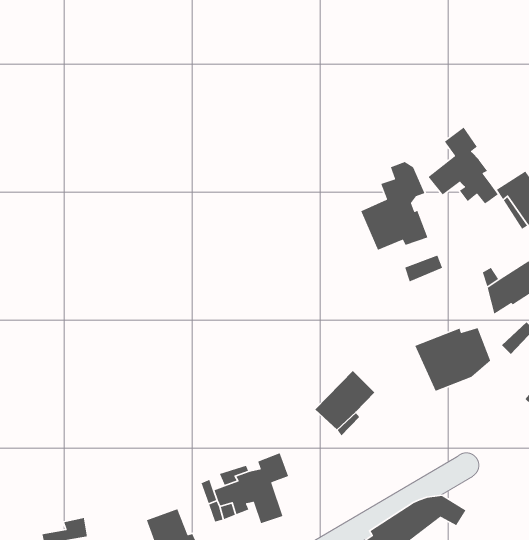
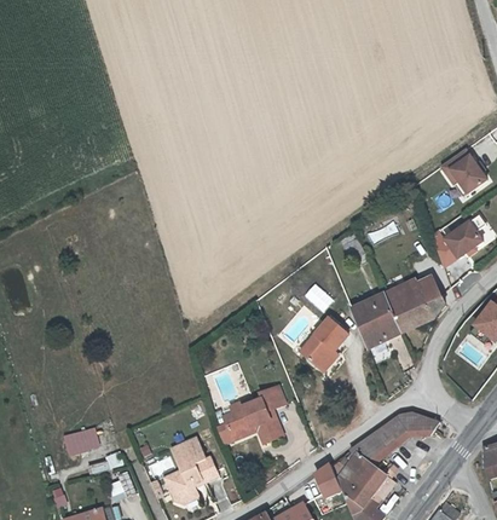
building: [428,127,499,204] -> none
building: [360,161,428,251] -> none
building: none -> [351,294,398,346]
building: none -> [62,424,102,456]

